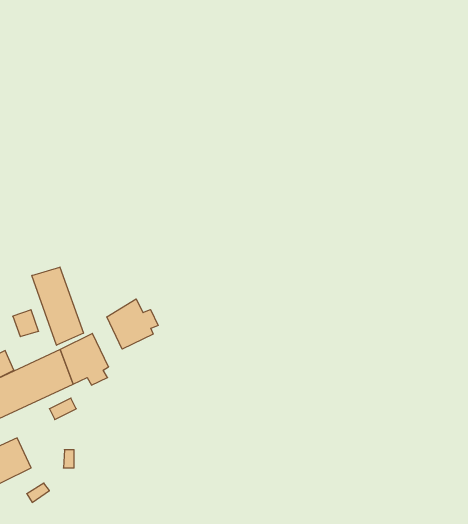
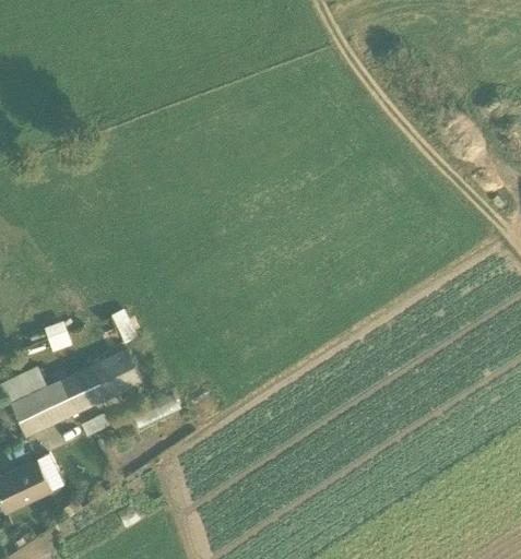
building: [32,267,83,345] -> none
building: [107,299,158,349] -> none

